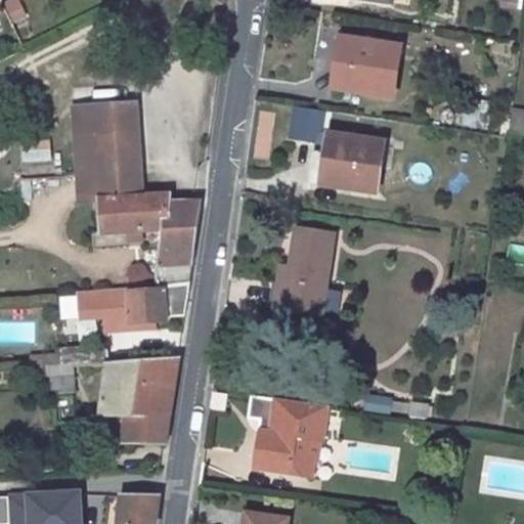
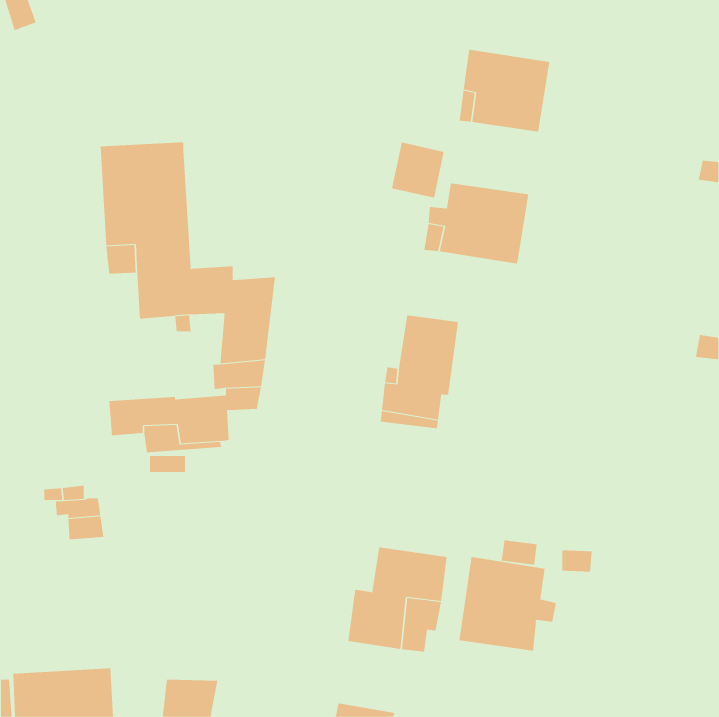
building: [101,357,178,442] -> none
building: none -> [459,556,556,652]

